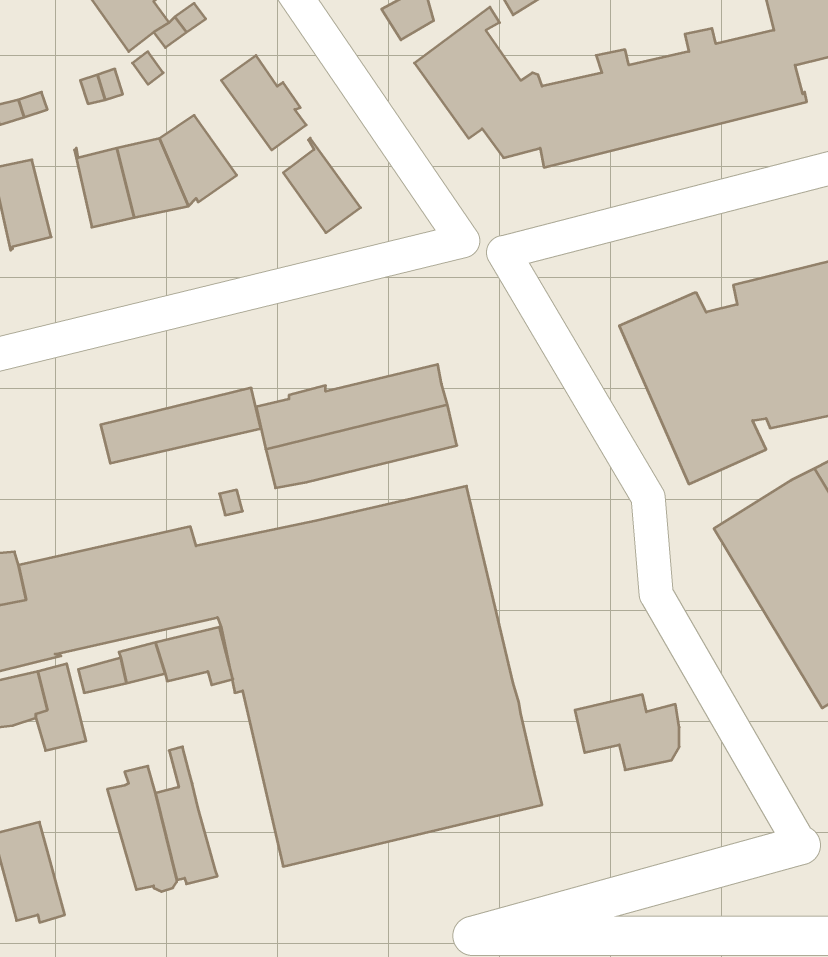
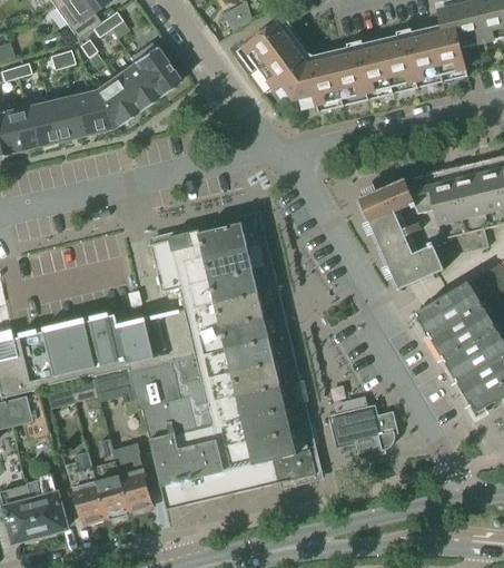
building: [283,138,361,233] -> [115,56,159,110]
building: none -> [21,96,56,146]
building: [101,388,261,463] -> [179,266,271,310]
building: none -> [111,447,151,513]
building: none -> [24,473,66,537]

